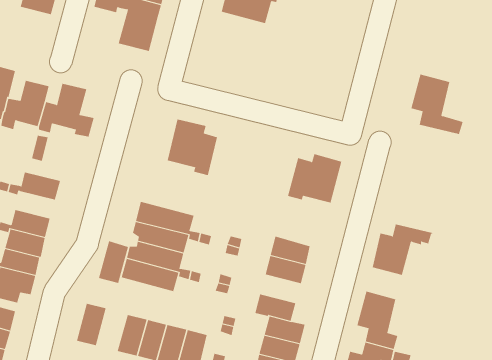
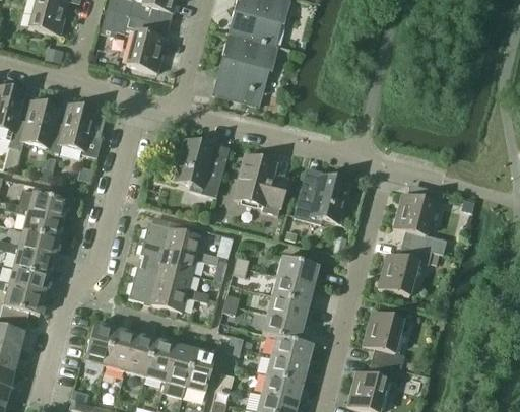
building: none -> [212,31,278,105]
building: [411,74,464,135] -> [394,192,447,253]
building: none -> [235,153,286,214]
building: none -> [23,210,64,237]
building: [98,241,129,283] -> [105,327,135,369]
building: none -> [267,293,309,322]

